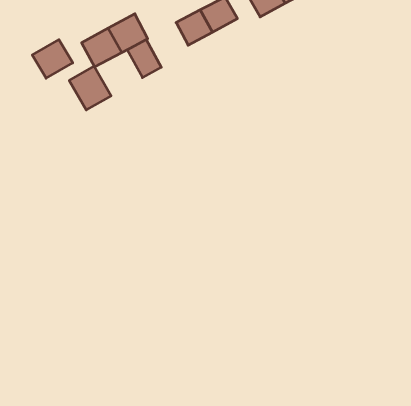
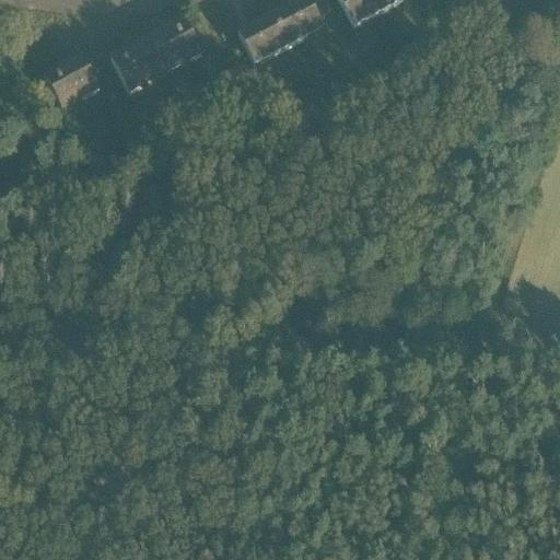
building: [127,40,161,78] -> none
building: [69,66,111,110] -> none

